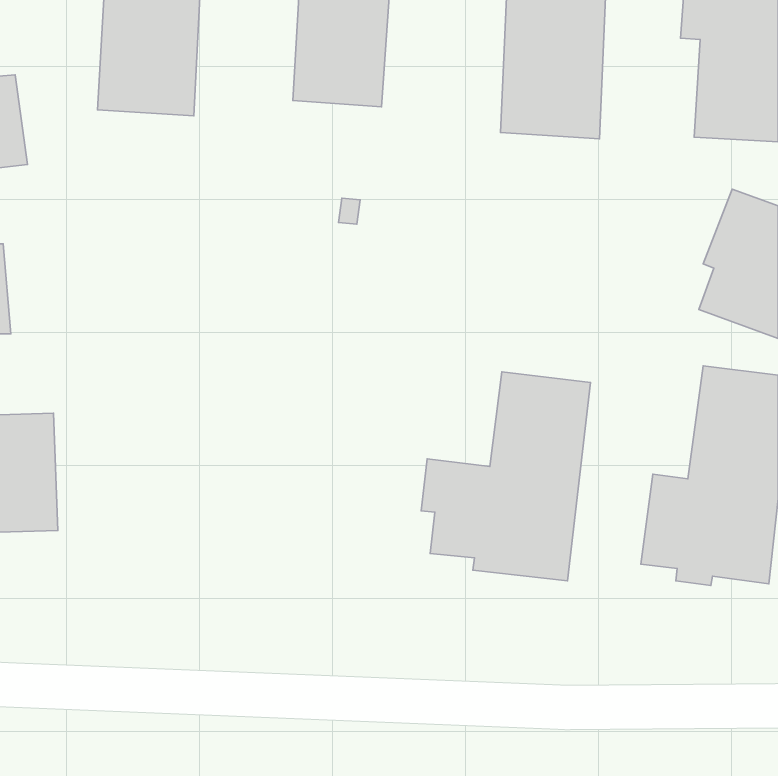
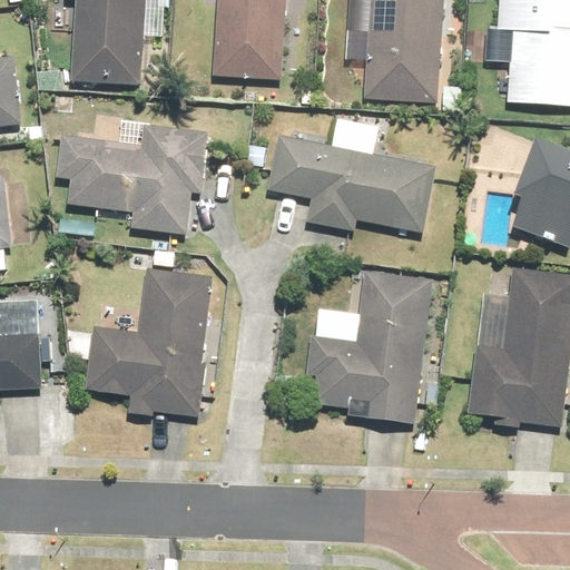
building: none -> [58,125,209,233]
building: none -> [267,134,438,233]
building: none -> [82,266,212,414]

